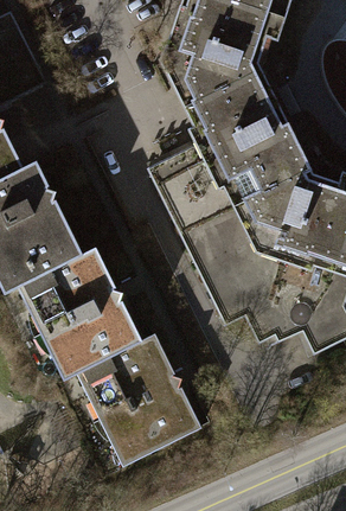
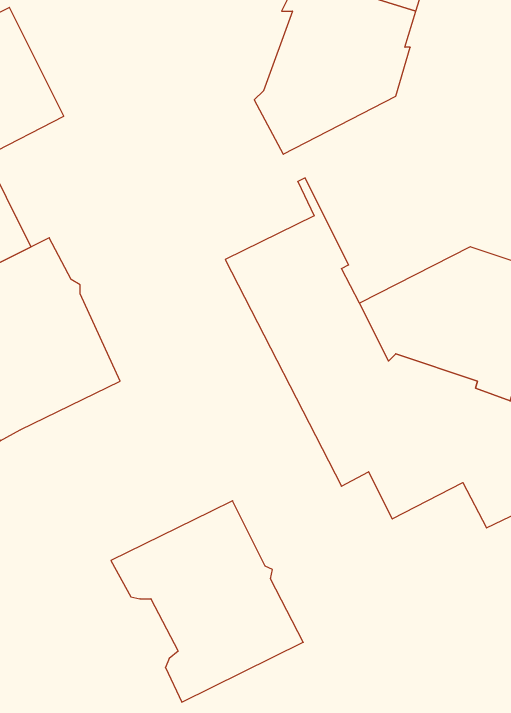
building: [188,71,310,206] -> none
building: [17,250,141,382] -> none

